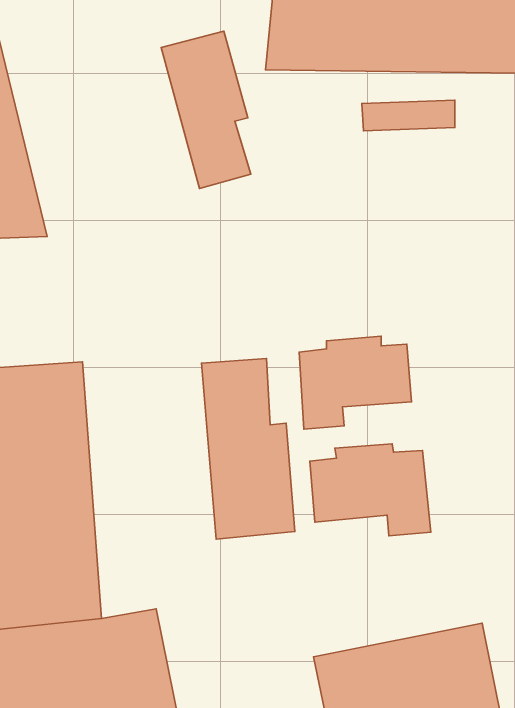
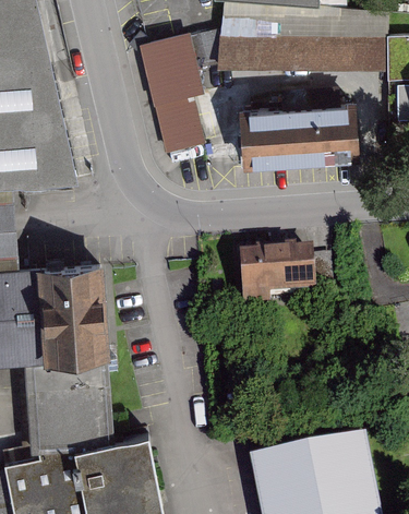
building: none -> [242,108,352,163]
building: [201,358,295,539] -> none
building: [310,444,431,536] -> none

